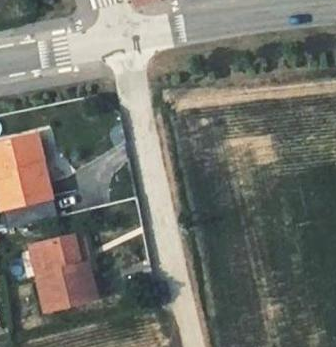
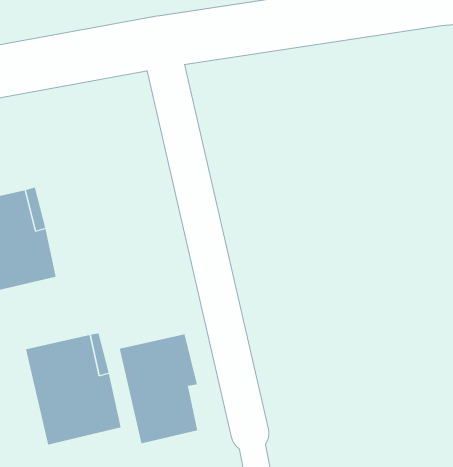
building: none -> [119,333,198,444]

